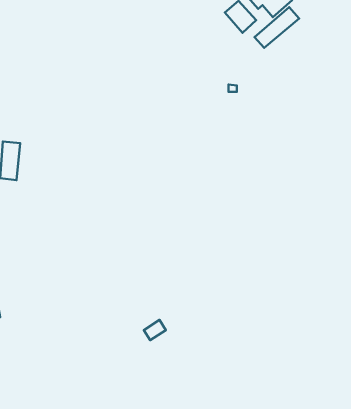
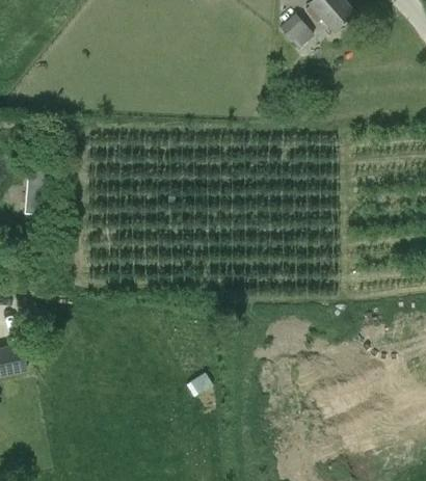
building: [255,7,299,48] -> none

